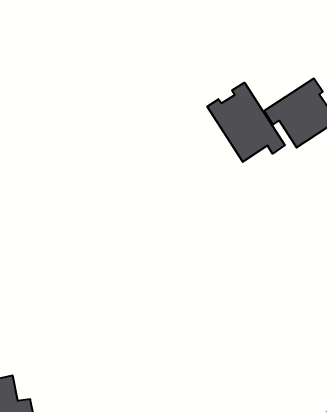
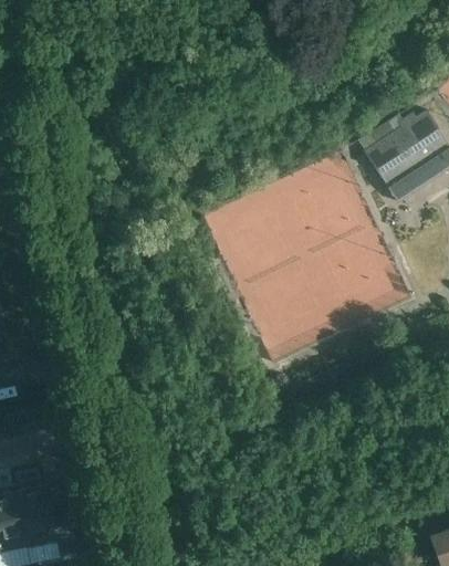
building: [207,83,285,162] -> none

